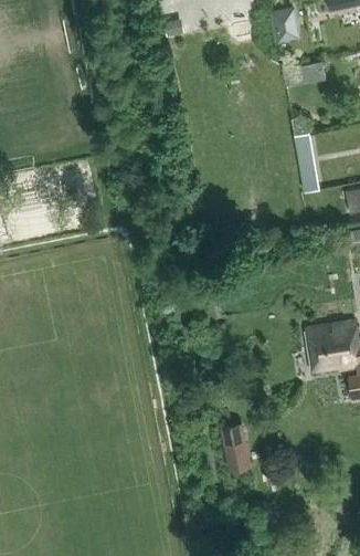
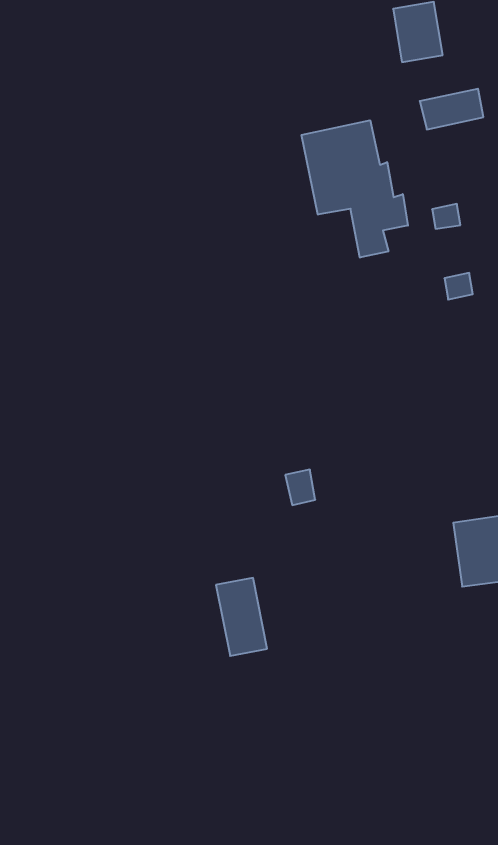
building: none -> [302,120,408,258]
building: [219,423,251,472] -> [216,578,267,656]

